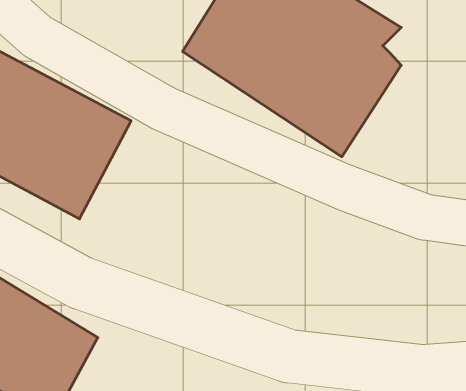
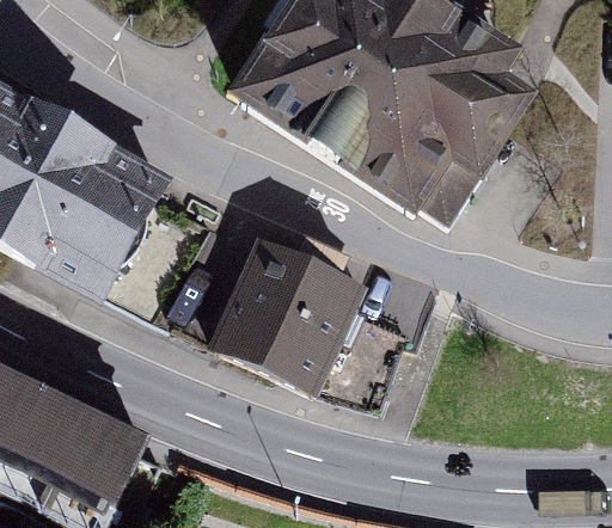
building: none -> [202,234,420,404]

